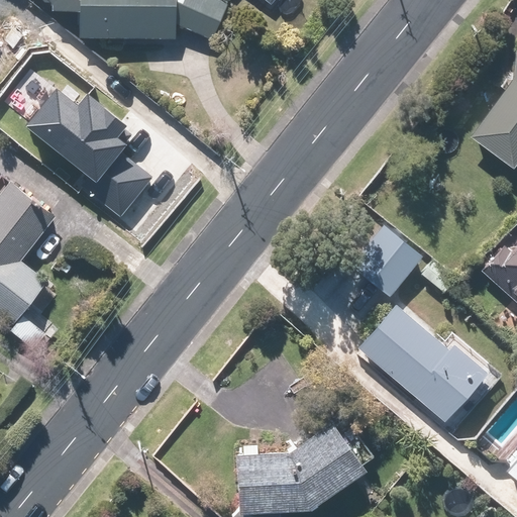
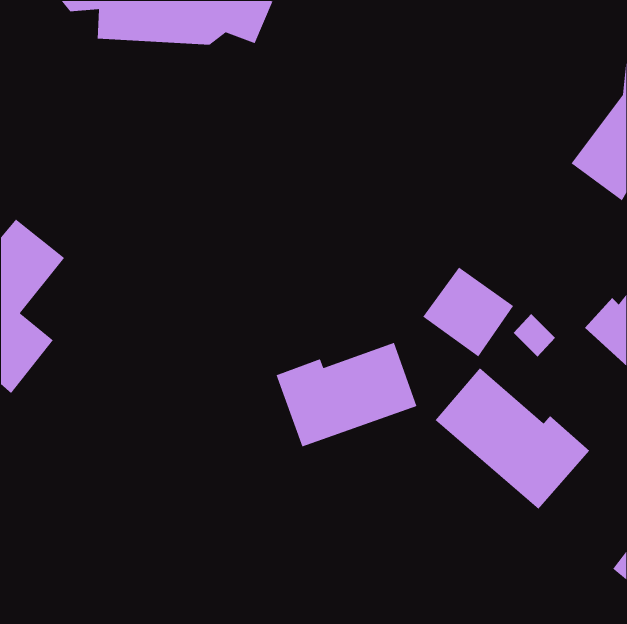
building: [30,82,157,211] -> none
building: none -> [276,342,417,447]
building: [236,420,366,512] -> none

